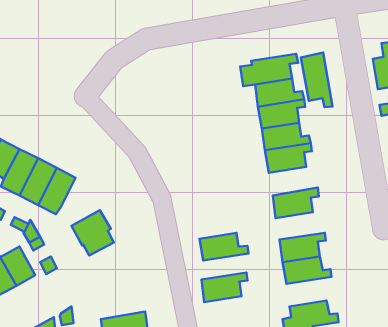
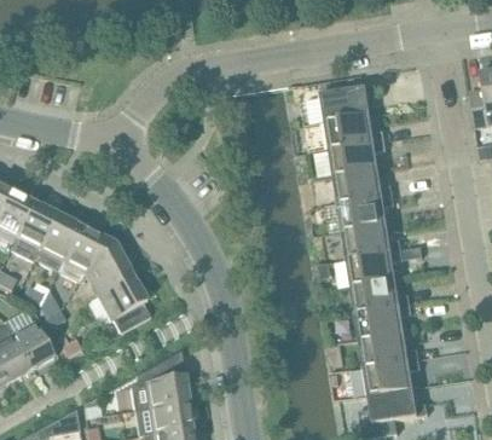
building: [301,53,332,107] -> none
building: none -> [341,222,401,257]
building: none -> [85,236,133,295]
building: [199,233,248,260] -> [349,278,410,312]
building: [201,273,247,302] -> [363,358,419,394]
building: none -> [131,361,189,410]

